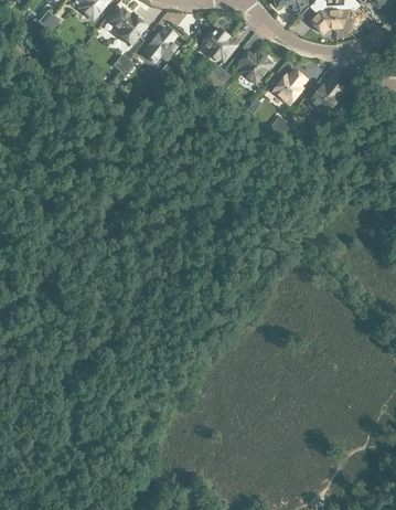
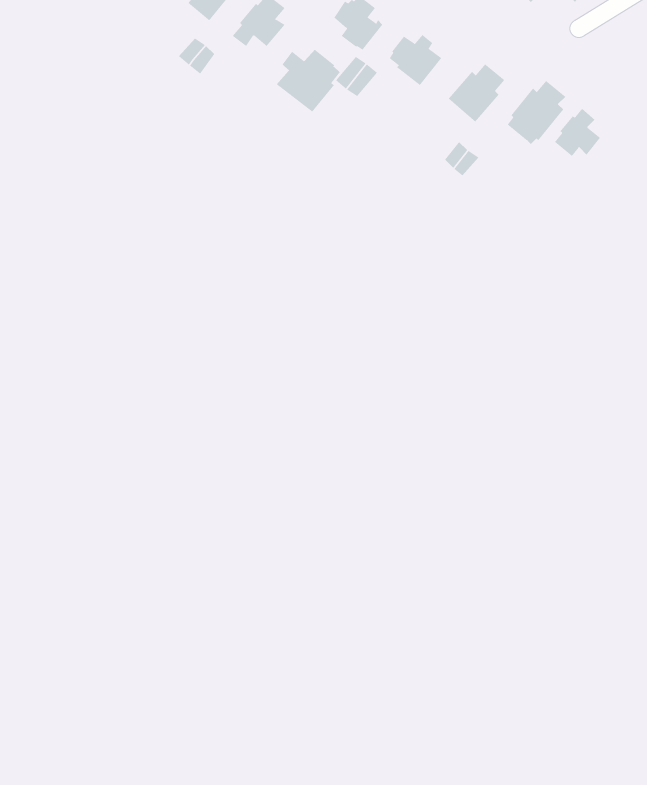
building: none -> [276,49,340,113]
building: none -> [554,108,601,157]

